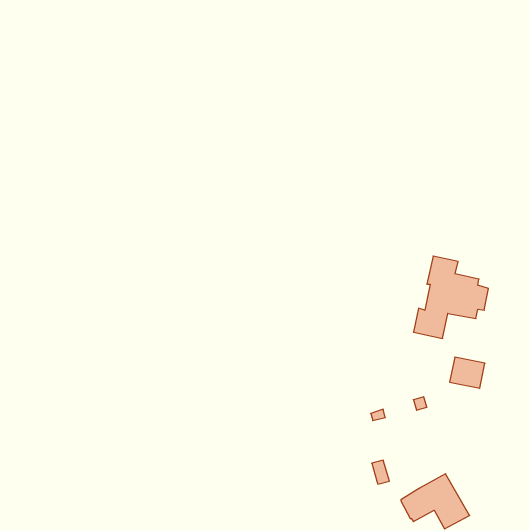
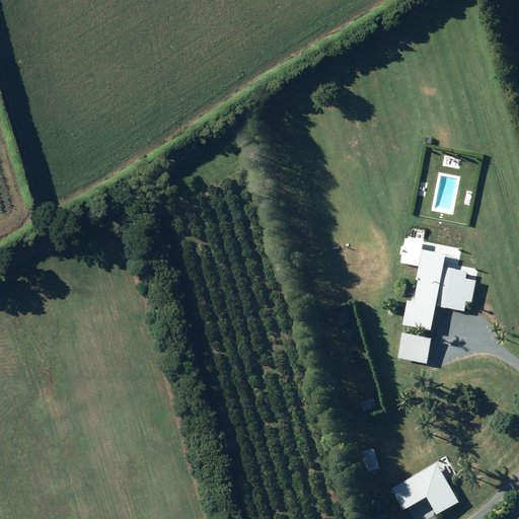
building: [450,357,485,388] -> [397,332,432,363]

